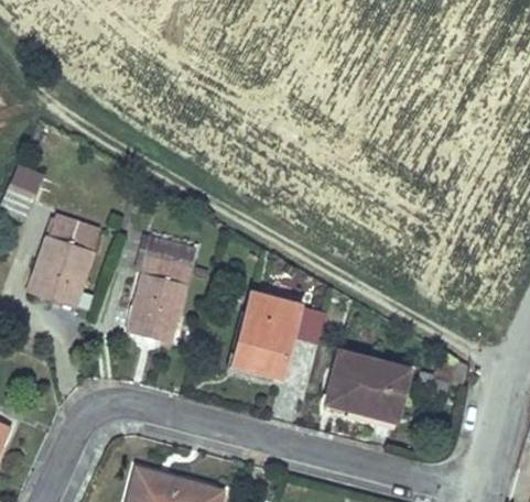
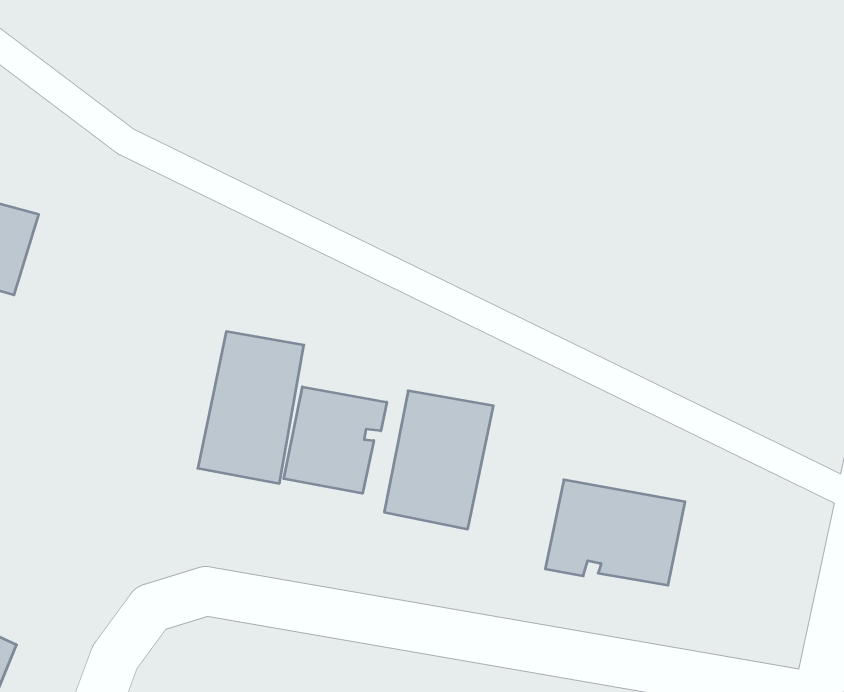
building: [29,214,101,308] -> none
building: none -> [284,387,387,493]

